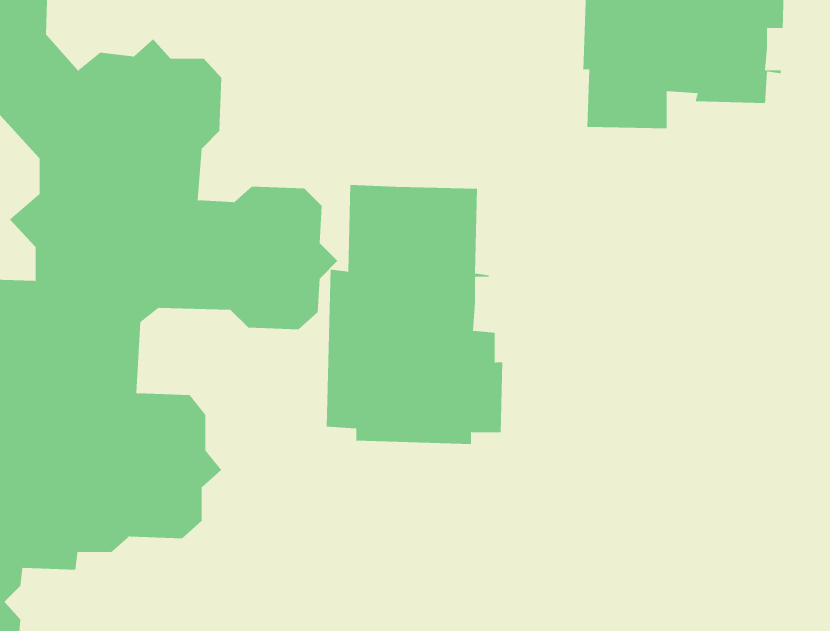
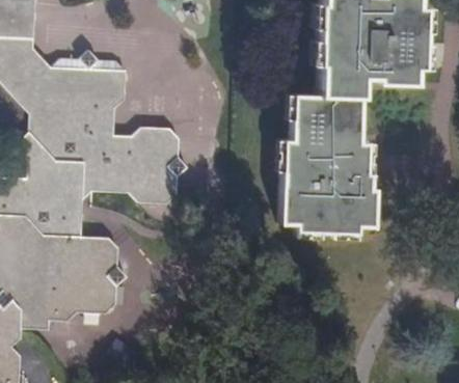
building: [326,185,503,445] -> [280,95,374,232]

